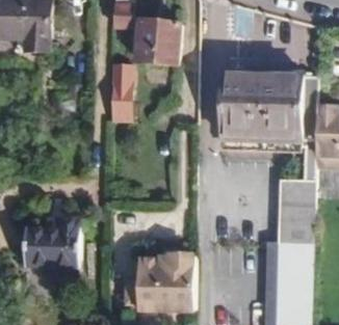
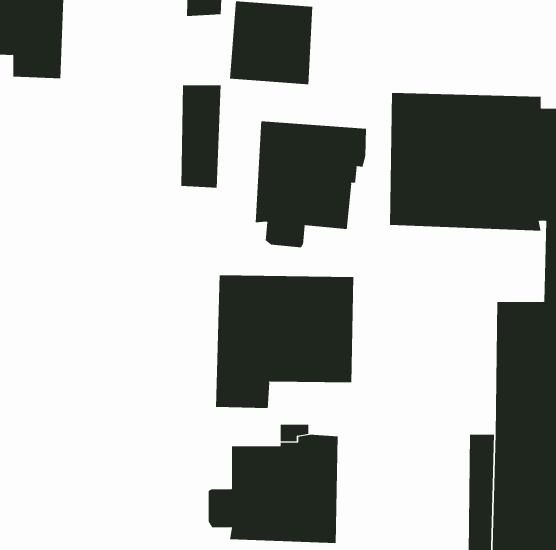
building: none -> [255,120,366,248]
building: none -> [216,274,354,409]
building: [27,219,80,269] -> none

